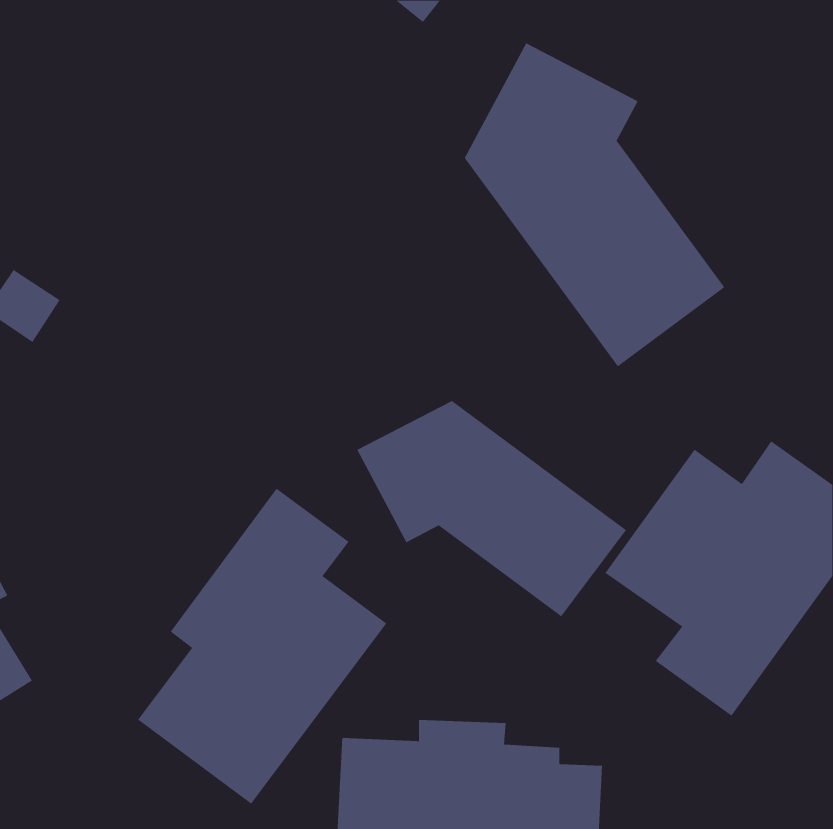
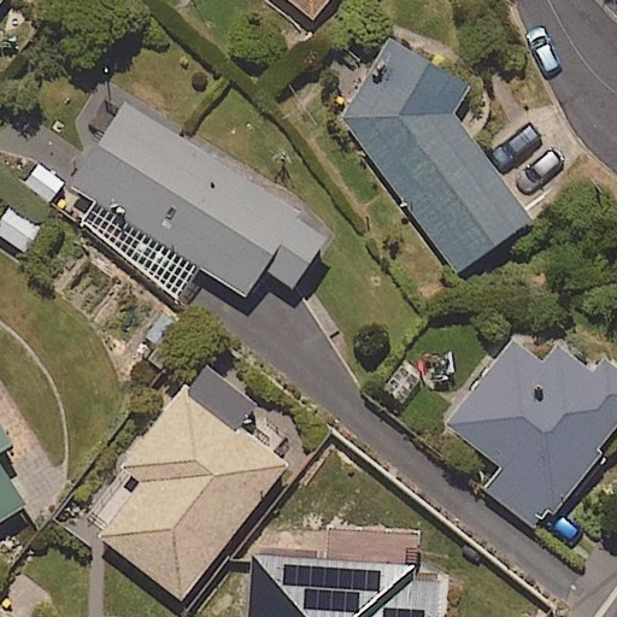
building: none -> [69,102,329,296]
building: [357,400,627,617] -> none

